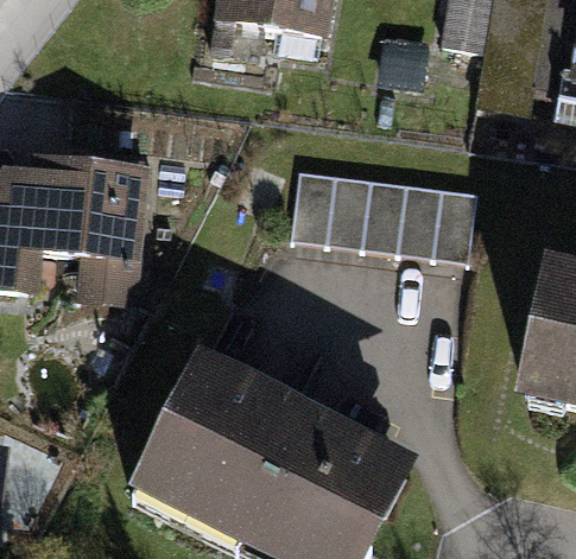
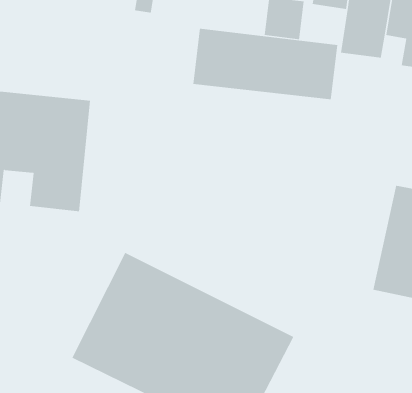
building: [291,166,479,259] -> [193,28,338,100]

